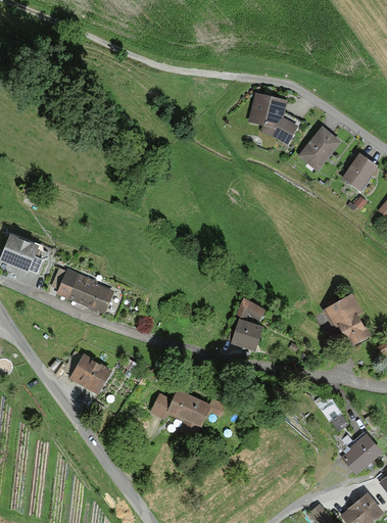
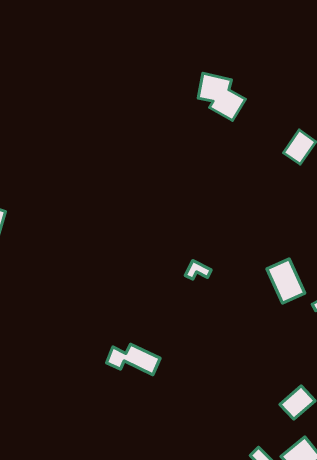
building: [299,127,342,171] -> none
building: [56,267,114,312] -> none
building: [231,321,261,350] -> none
building: [61,352,108,393] -> none

